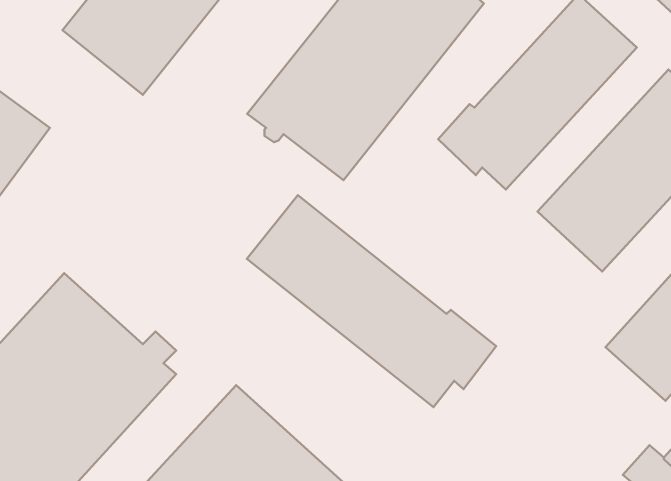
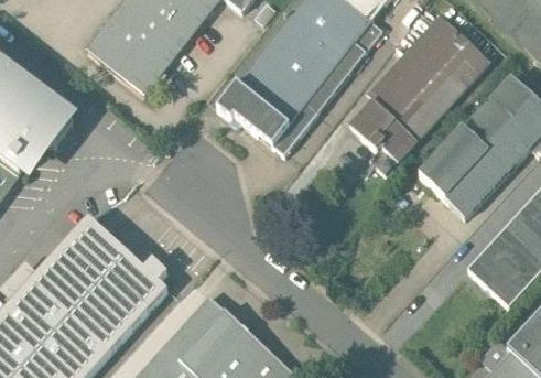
building: [247,195,496,407] -> none

